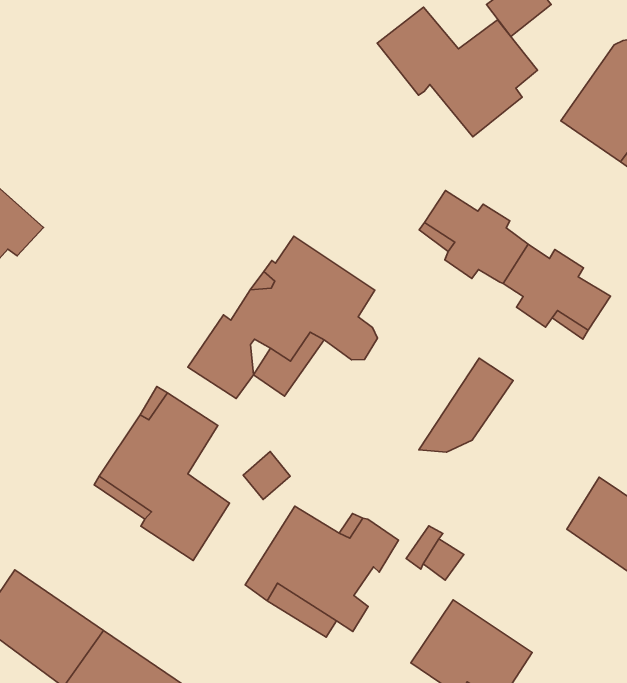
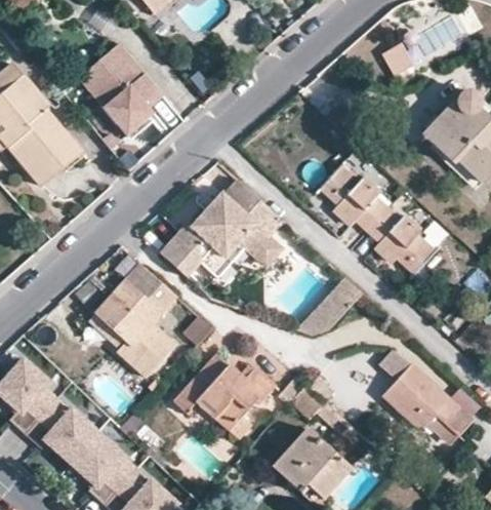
building: [377,7,537,137] -> none
building: none -> [83,46,164,140]

